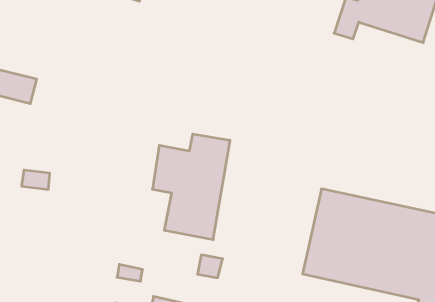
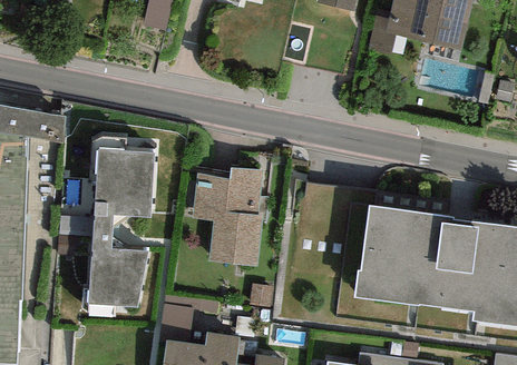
building: none -> [84,150,153,316]

